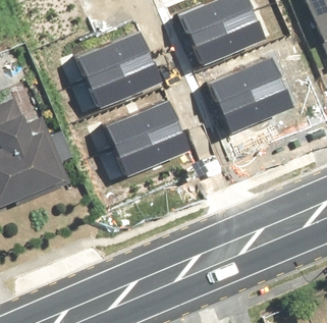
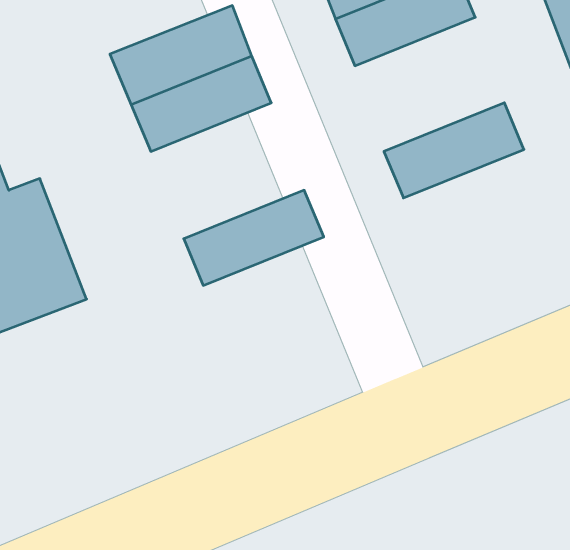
building: [213,54,286,106] -> none
building: [107,100,181,152] -> none

